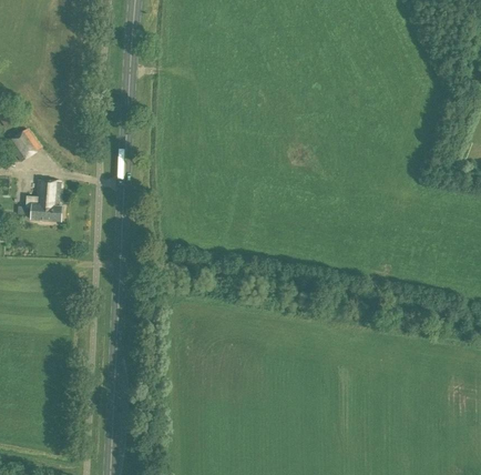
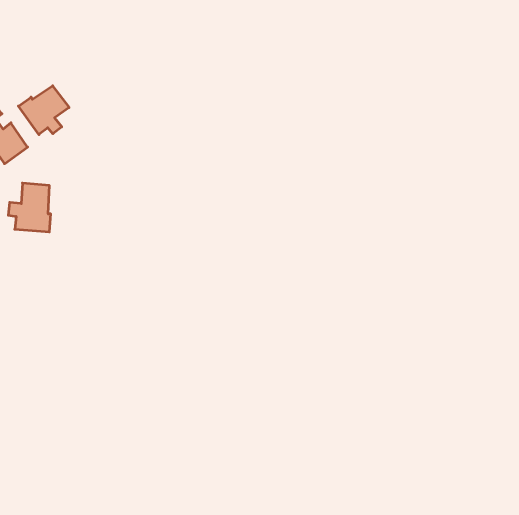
building: none -> [18,86,69,135]

